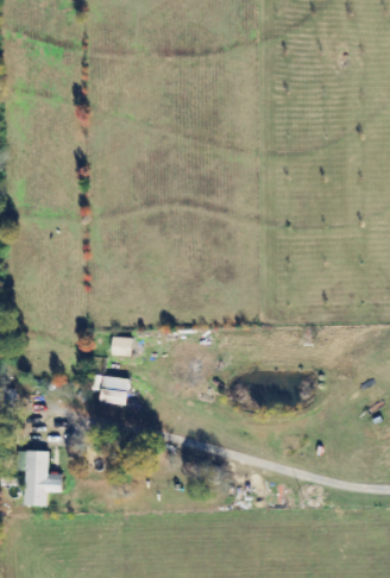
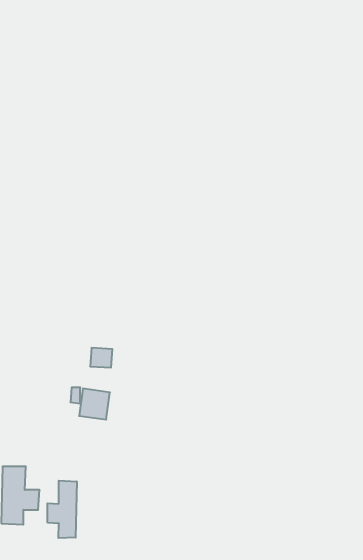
building: none -> [47,481,77,538]

